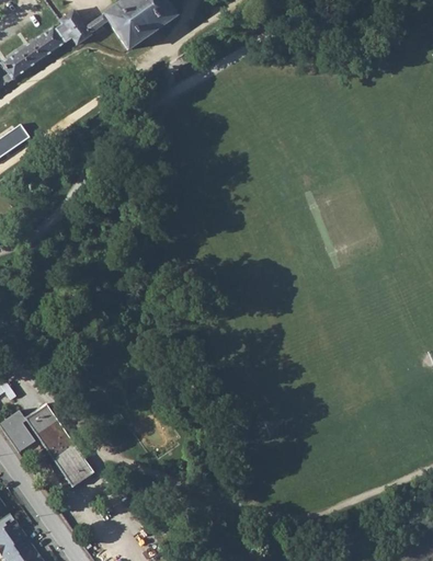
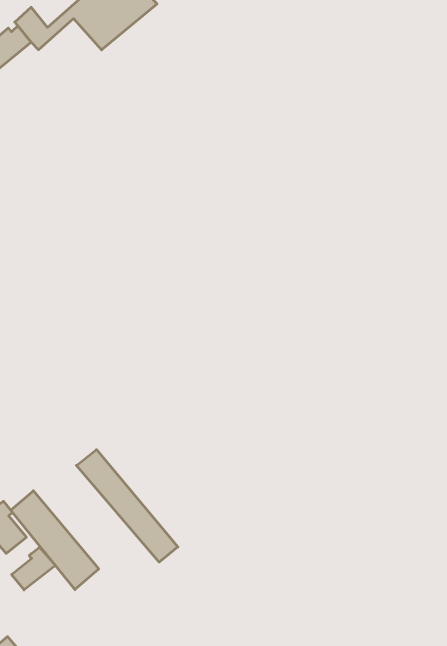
building: none -> [76,450,178,562]
building: none -> [12,547,56,590]

